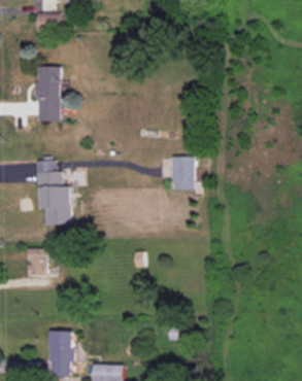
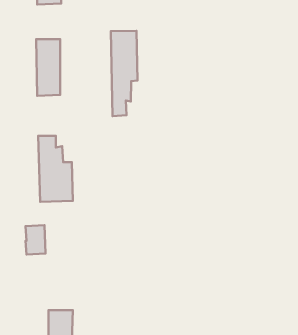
building: none -> [111,31,138,116]
building: [170,157,194,189] -> none

